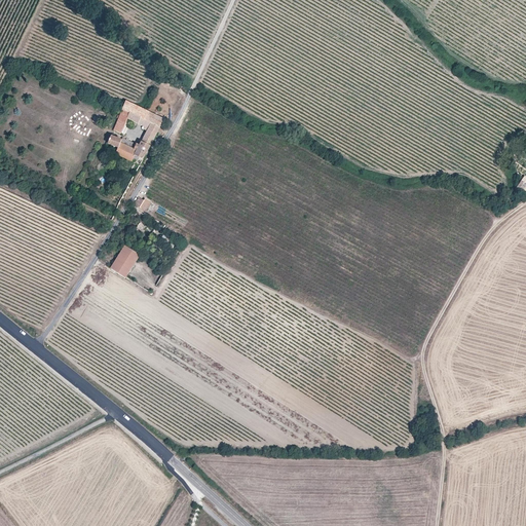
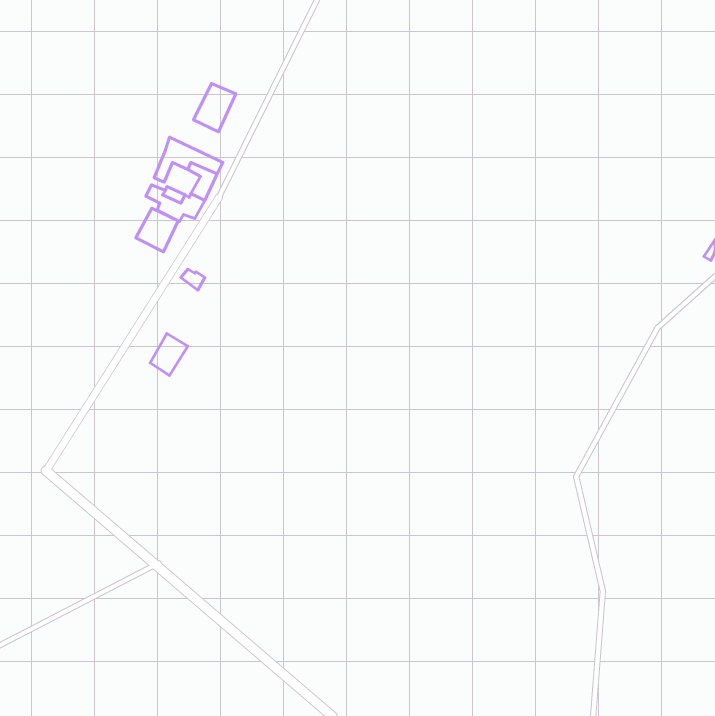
building: none -> [193,83,236,132]
building: none -> [136,208,178,252]

